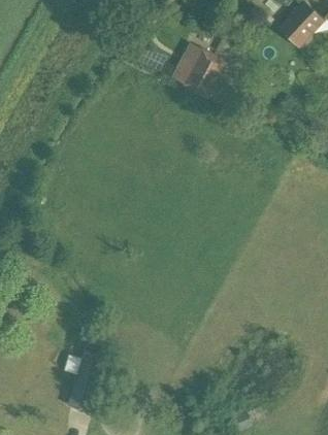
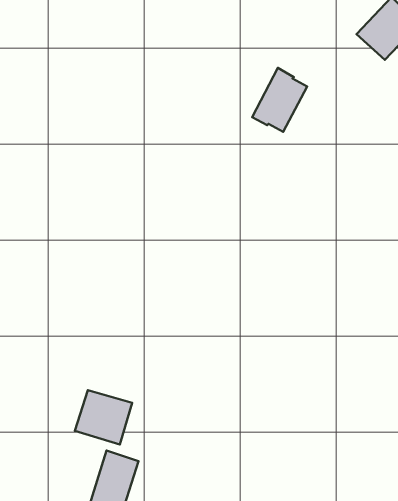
building: [171,43,216,93] -> none
building: none -> [75,390,132,445]

